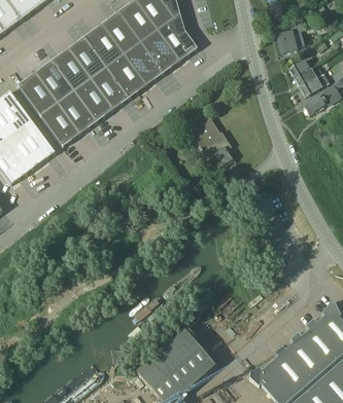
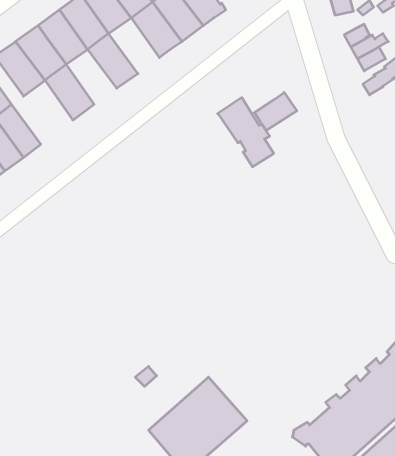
building: [107,53,146,97] -> none
building: [74,78,113,120] -> none
building: [41,102,79,144] -> none
building: none -> [254,92,297,131]

